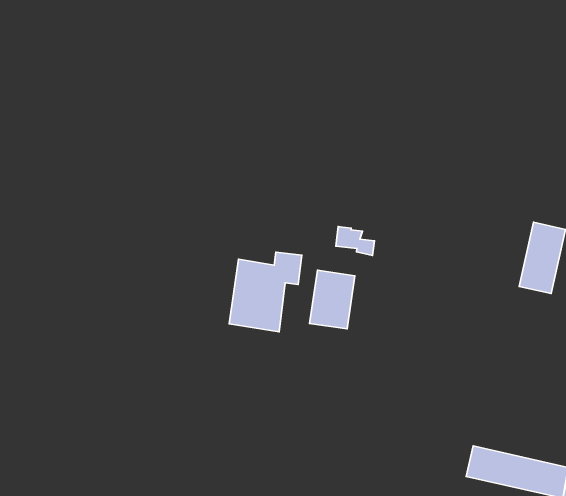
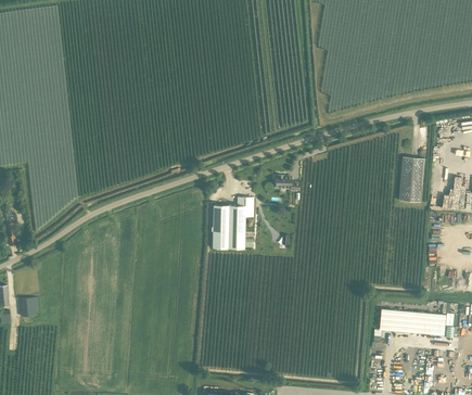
building: [310,270,355,329] -> none

